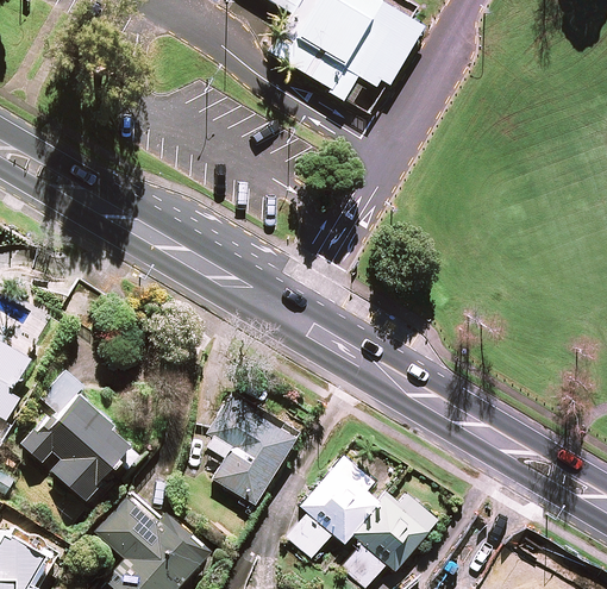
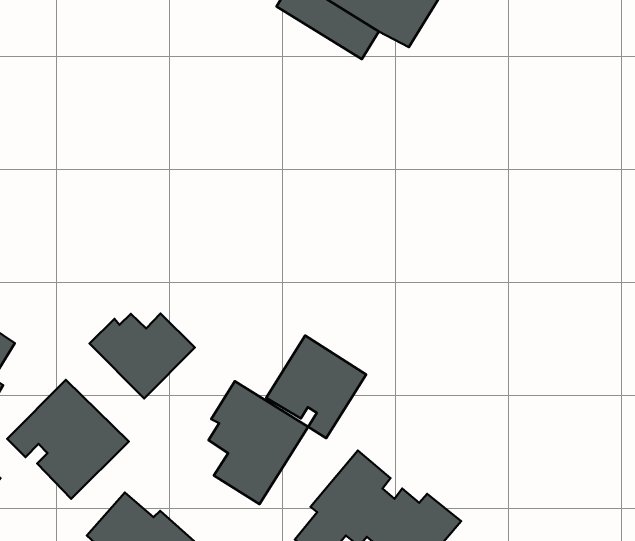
building: none -> [90,313,195,398]
building: none -> [266,335,366,438]

